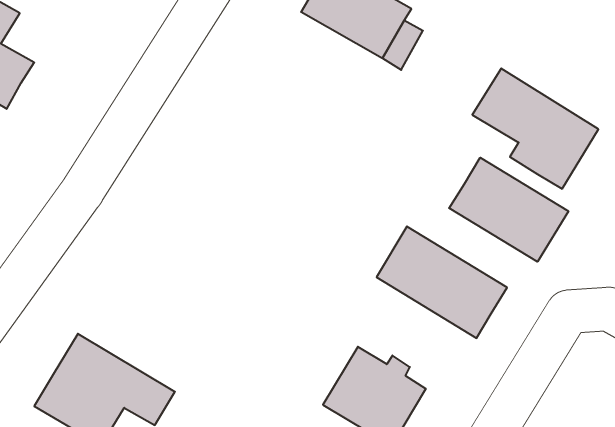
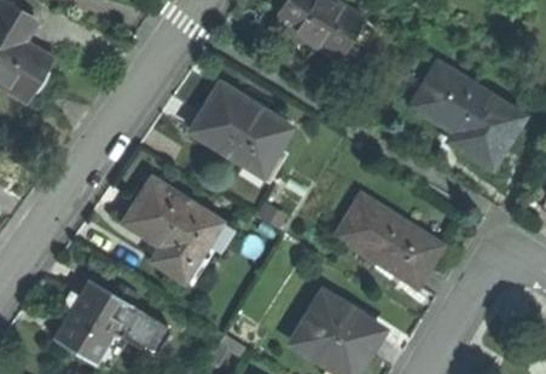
building: none -> [191,87,296,168]
building: [449,158,568,262] -> none
building: none -> [123,178,222,281]

